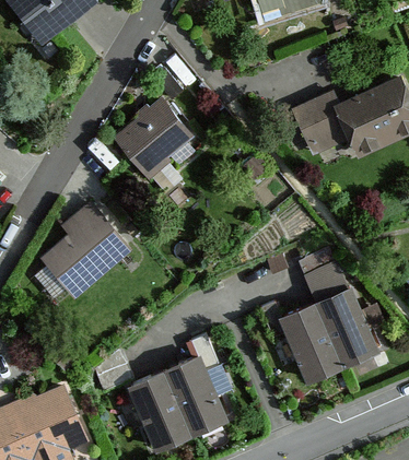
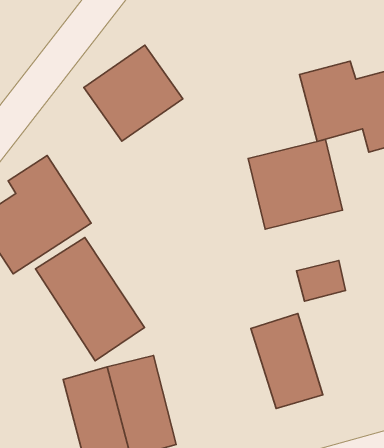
building: none -> [248,139,342,229]
building: none -> [35,238,145,361]
building: [315,288,377,367] -> none

